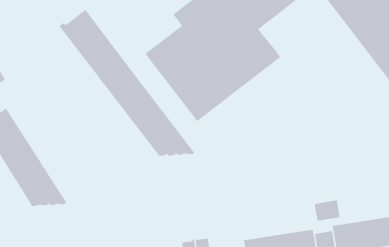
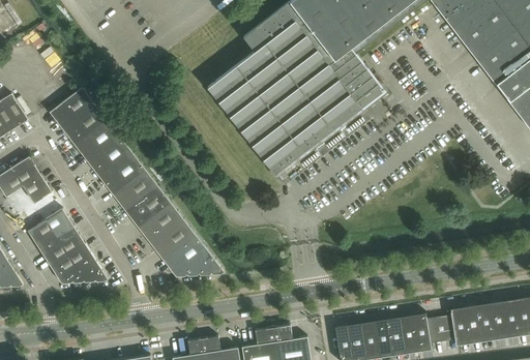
building: [58,9,195,156] -> [48,88,225,277]
building: [314,200,340,222] -> none

